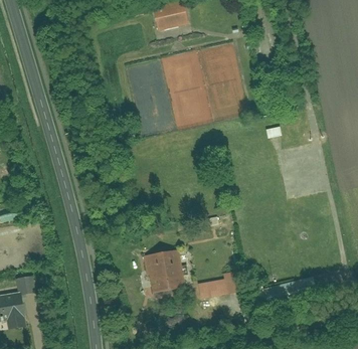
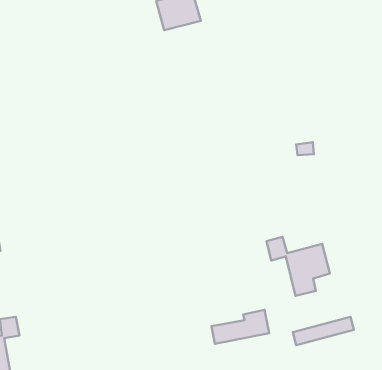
building: none -> [267,237,330,296]
building: [144,249,185,293] -> none

